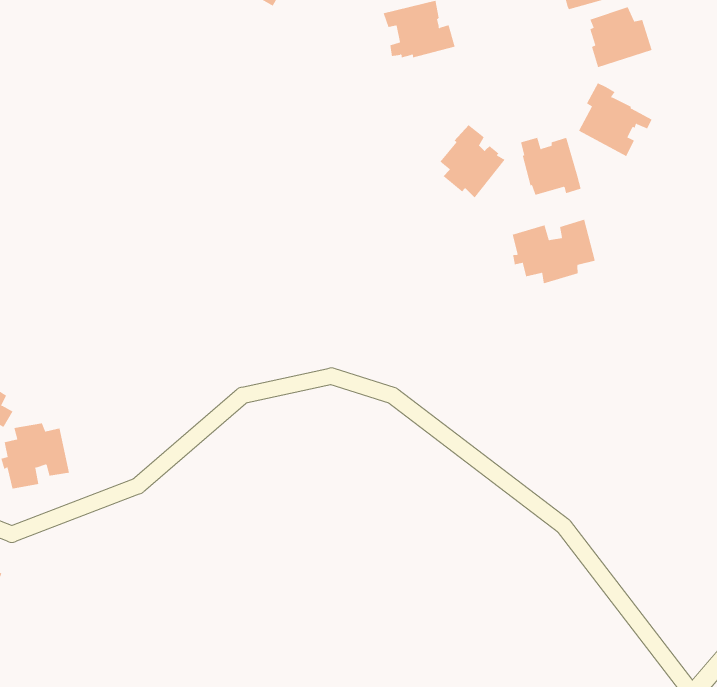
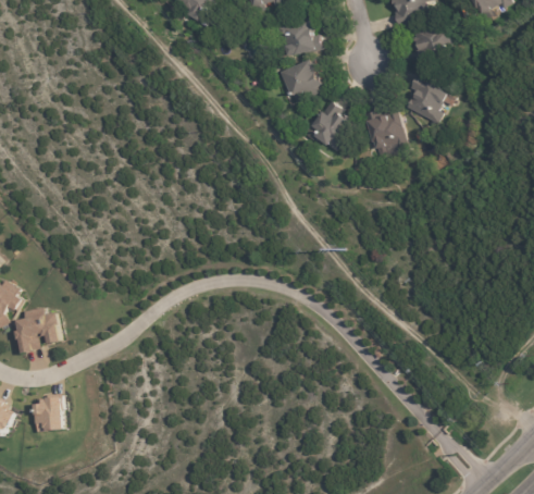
building: none -> [280,61,322,101]
building: [512,219,595,284] -> none
building: none -> [35,392,64,428]

